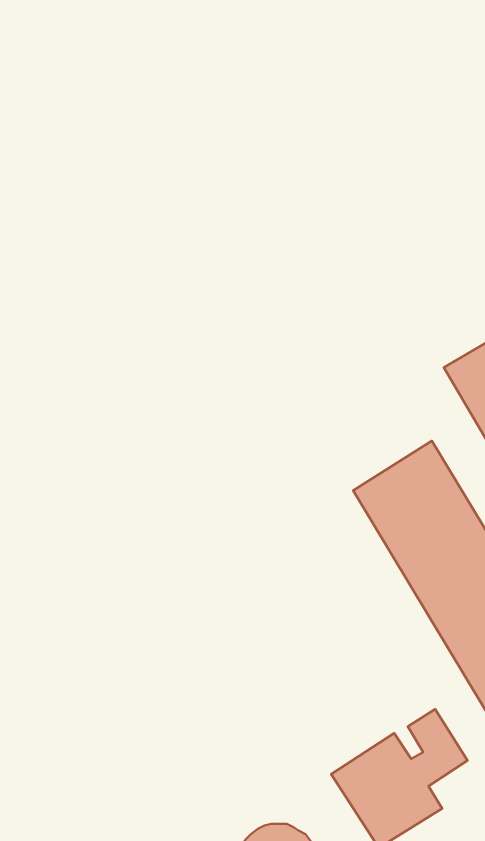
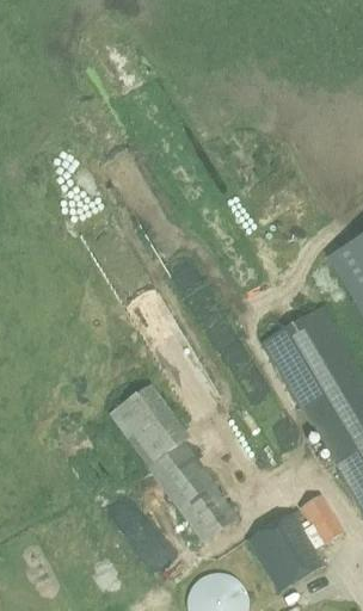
building: none -> [112,382,236,542]

